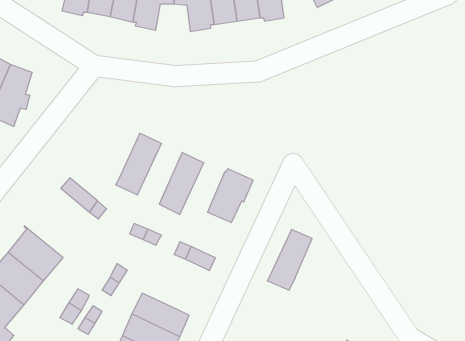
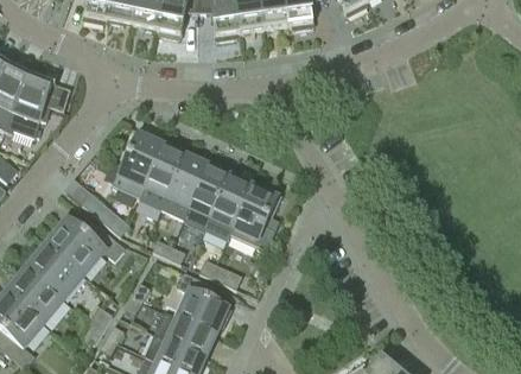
building: none -> [120,128,165,186]
building: none -> [161,156,208,218]
building: none -> [44,216,125,274]
building: [267,229,312,290] -> [205,176,252,239]
building: none -> [174,272,231,334]

